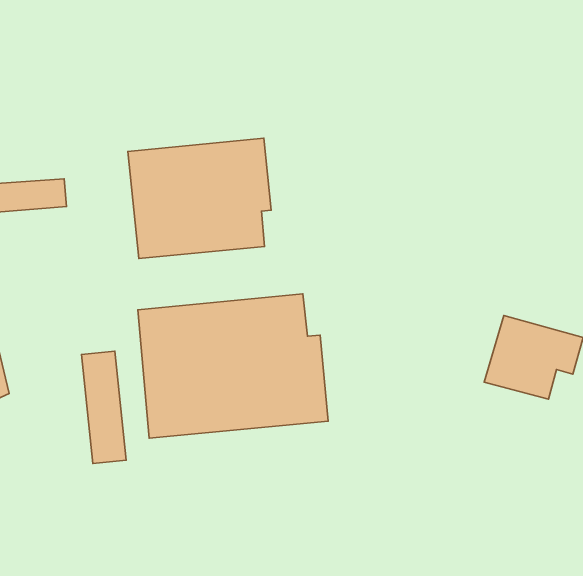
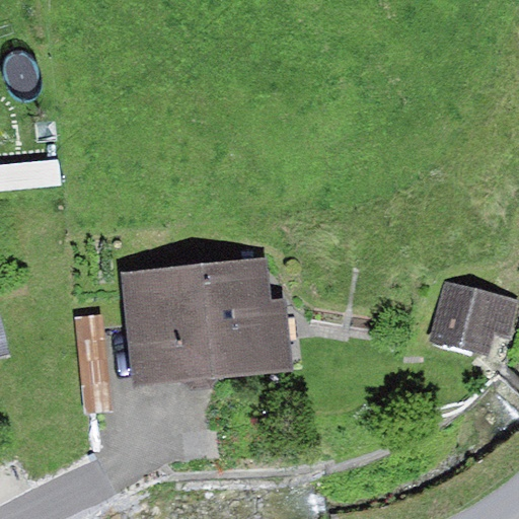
building: [128,138,271,258] -> none

